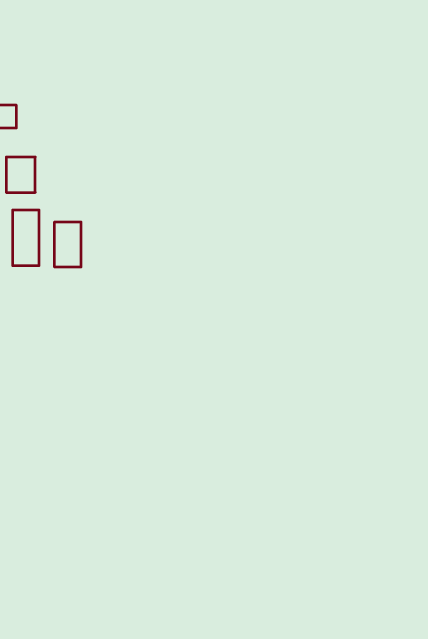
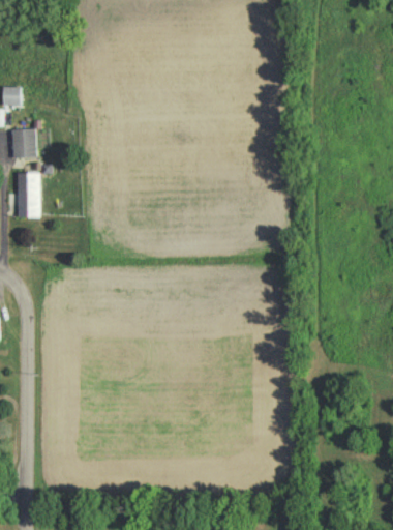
building: [55,222,81,267] -> none

